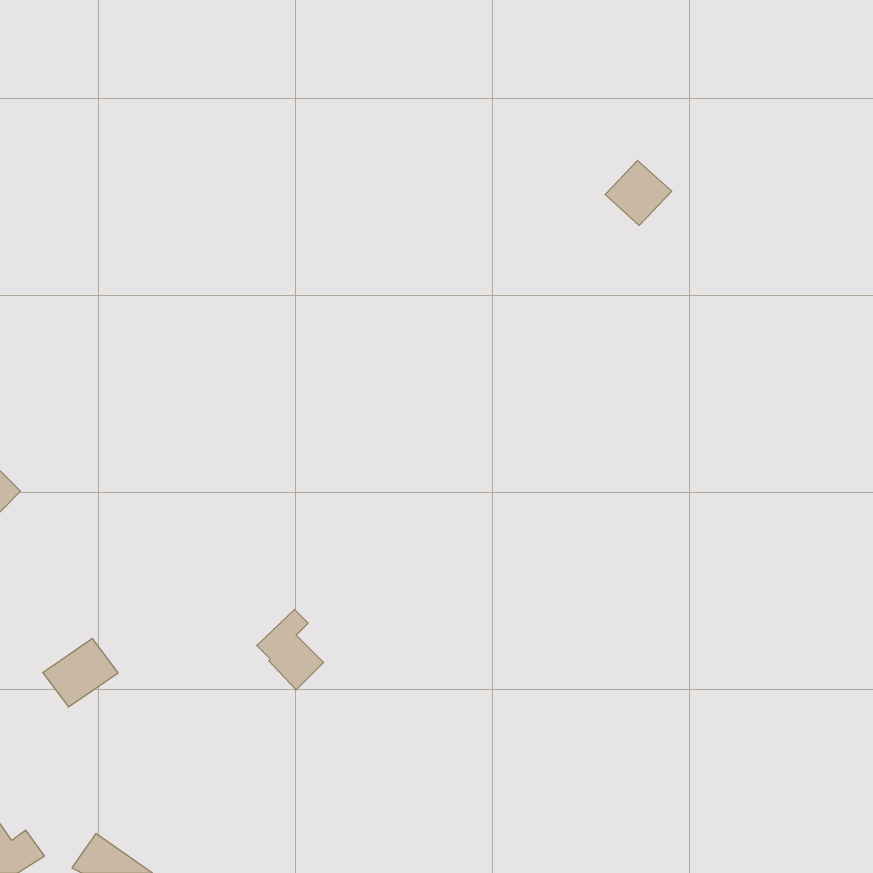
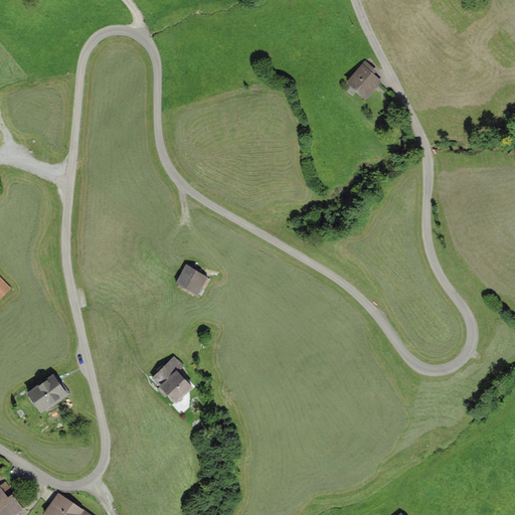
building: [605,160,672,225] -> [340,62,379,101]
building: none -> [176,264,209,296]

